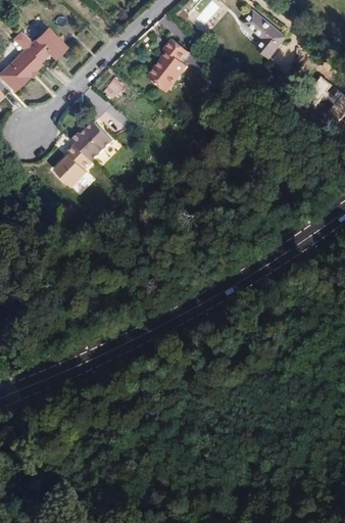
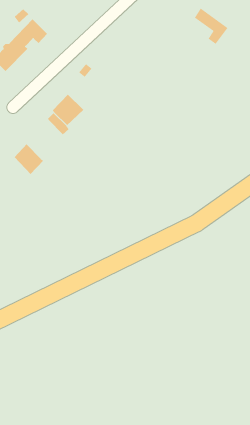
building: [151,38,189,90] -> none
building: [51,150,88,188] -> [14,144,44,175]

